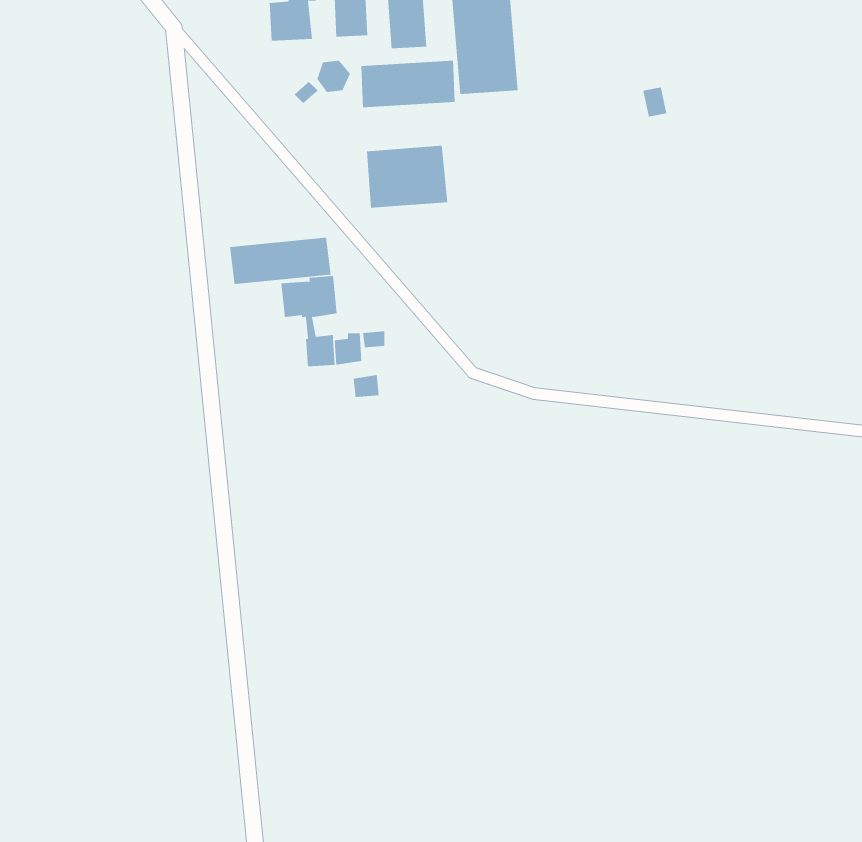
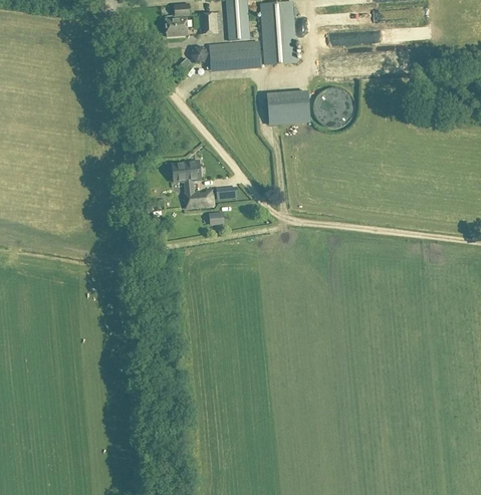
building: none -> [313,85,354,127]
building: [366,145,448,208] -> [267,90,310,123]
building: [230,237,331,285] -> none

